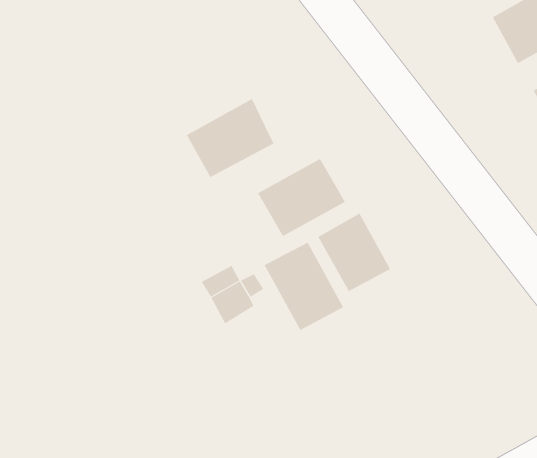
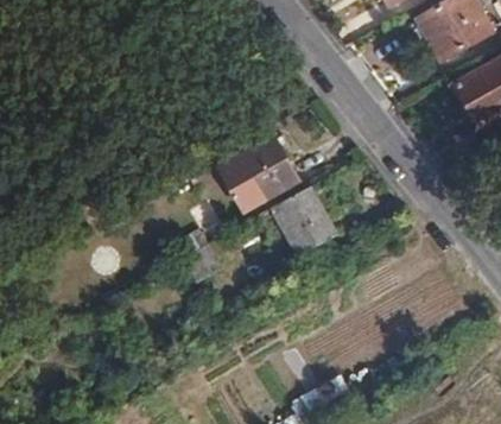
building: [186,98,274,178] -> none
building: [264,242,344,331] -> none

